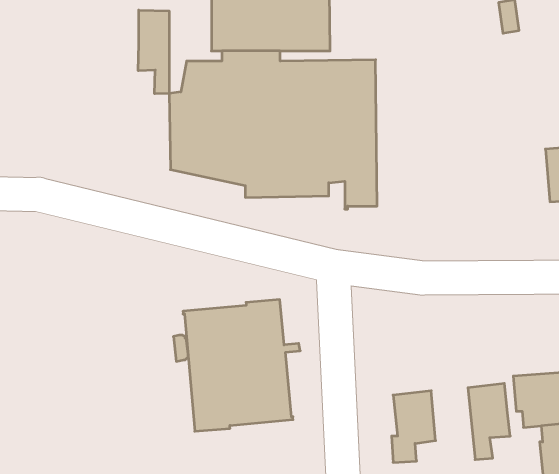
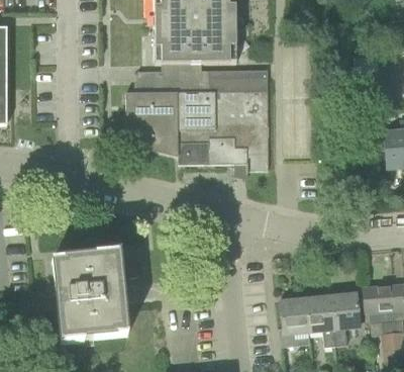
building: [138,10,169,94] -> none
building: [183,300,300,431] -> [52,251,132,342]
building: none -> [305,294,335,345]

